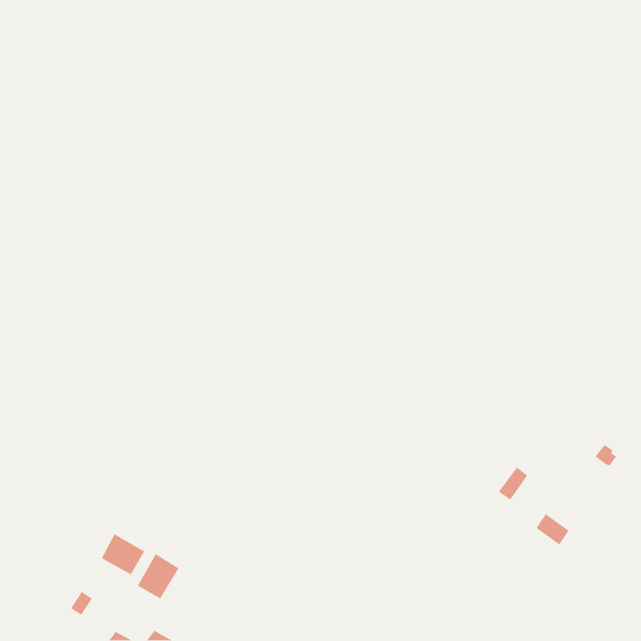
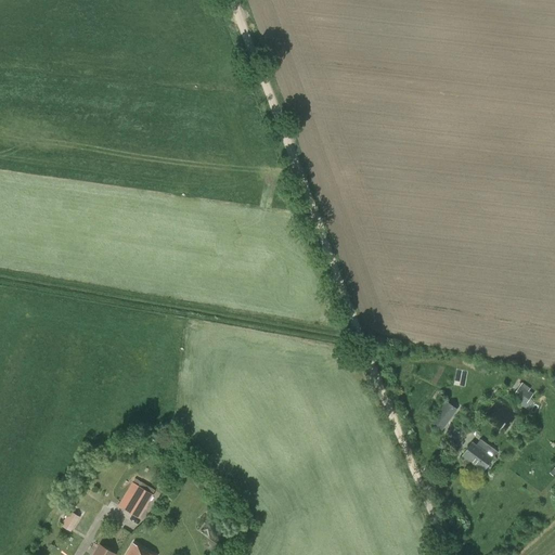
building: [101,533,145,575] -> none

